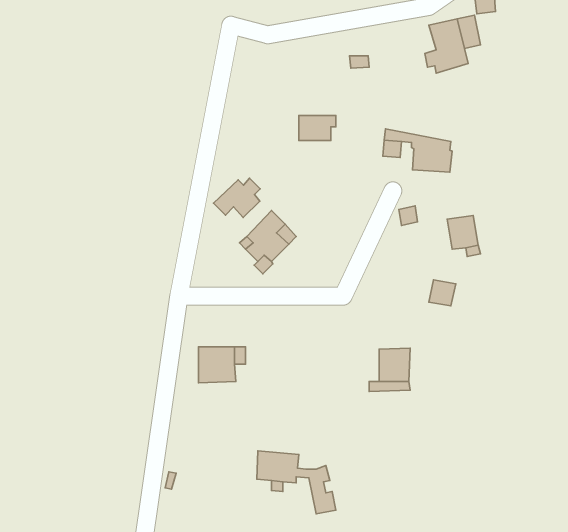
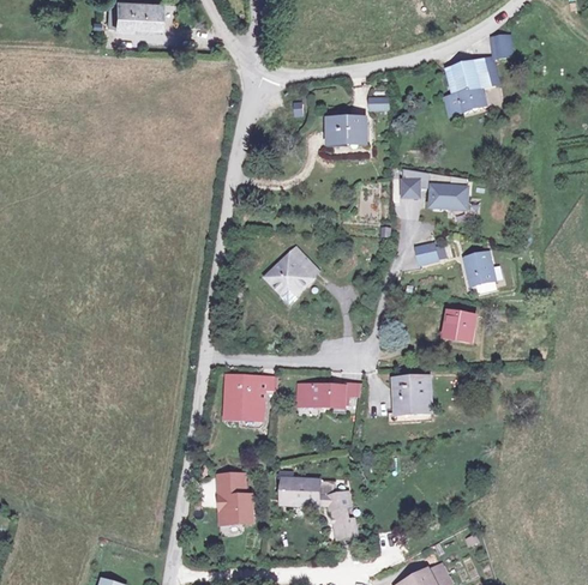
building: [299,116,336,140] -> [330,117,366,141]
building: [214,178,260,218] -> none
building: none -> [293,385,338,404]
building: none -> [217,471,254,525]

